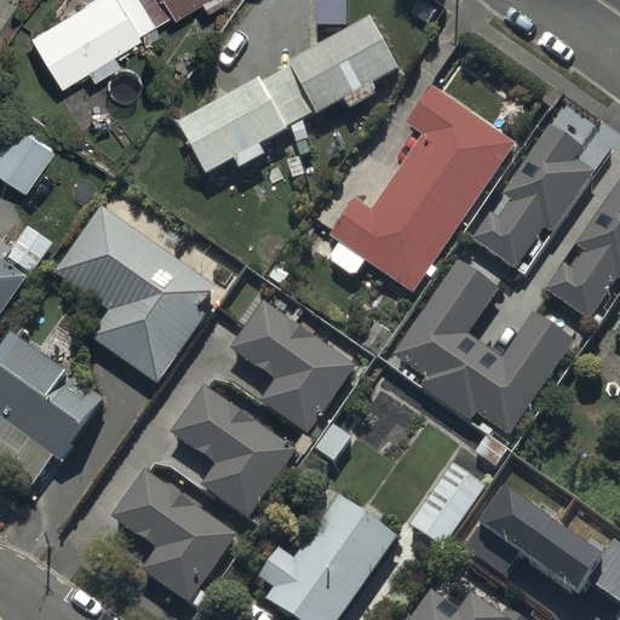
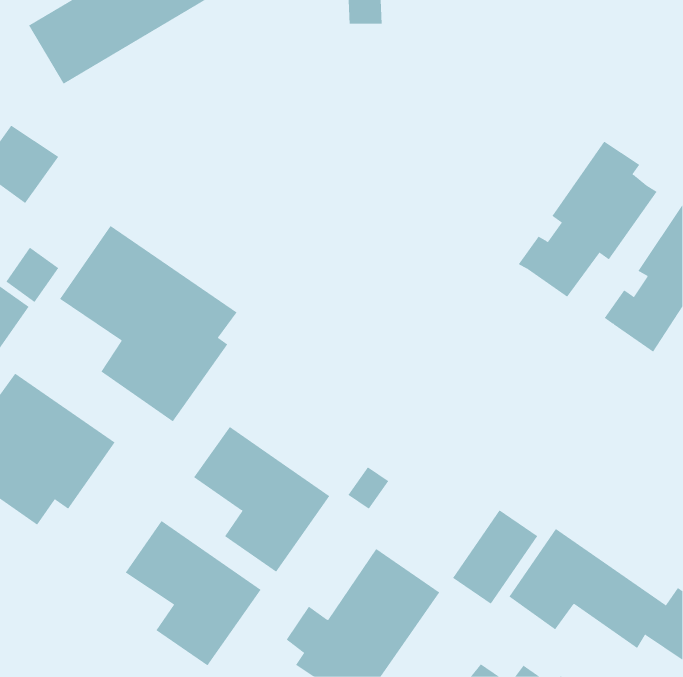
building: [178,18,400,177] -> none
building: [328,86,516,291] -> none
building: [391,258,576,435] -> none
building: [231,303,355,434] -> none

